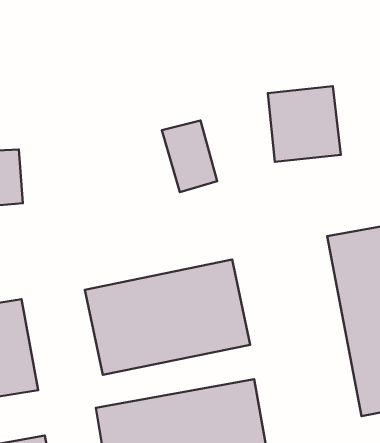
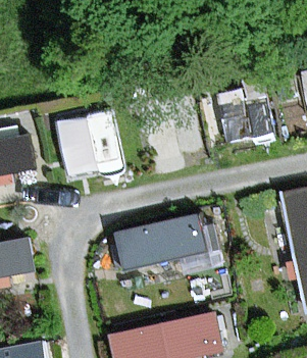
building: none -> [51,108,126,183]

